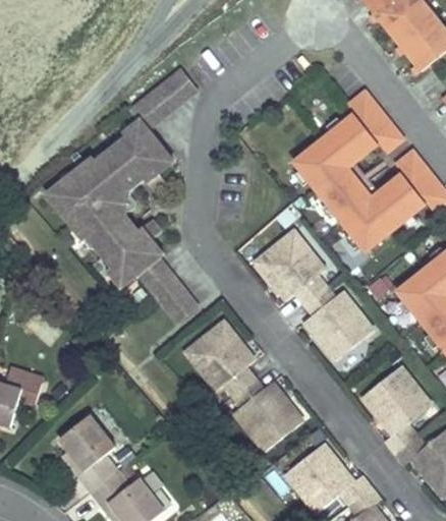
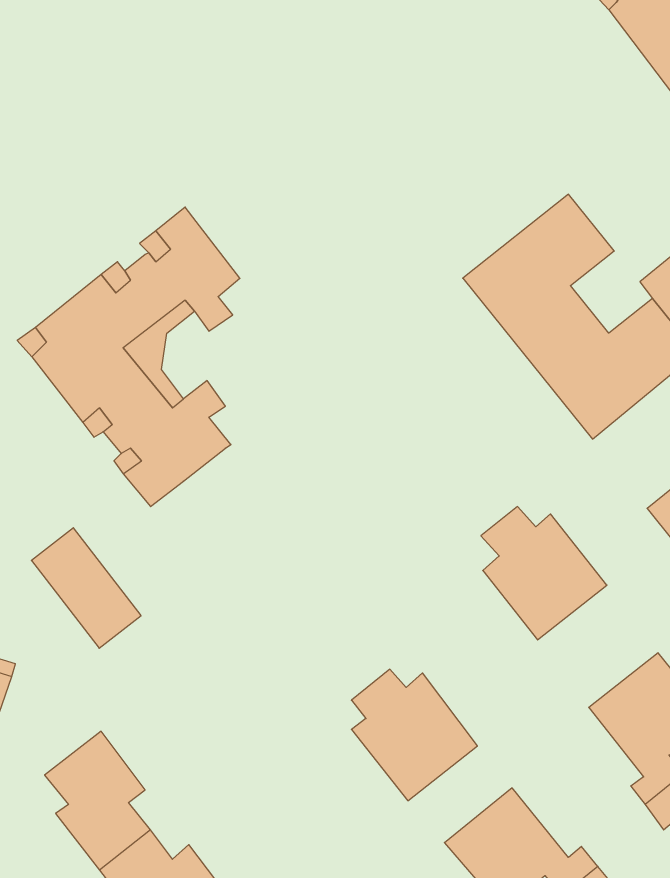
building: [128,67,197,129] -> none
building: [346,90,403,154] -> none
building: [254,229,325,304] -> none
building: [138,255,200,323] -> [31,528,141,648]
building: [183,321,255,396] -> none

